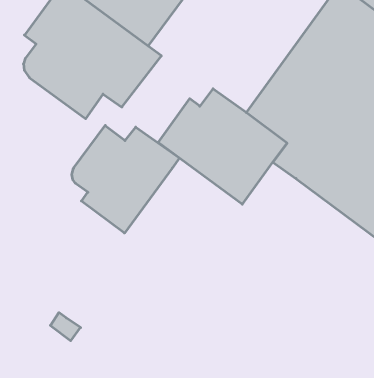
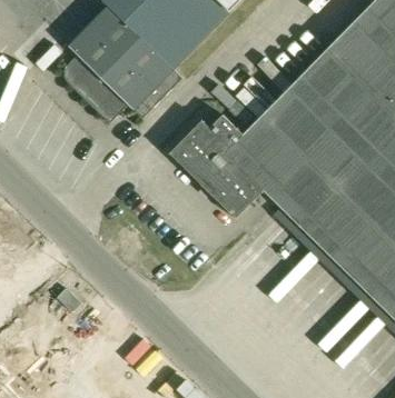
building: [72,125,179,233] -> none

